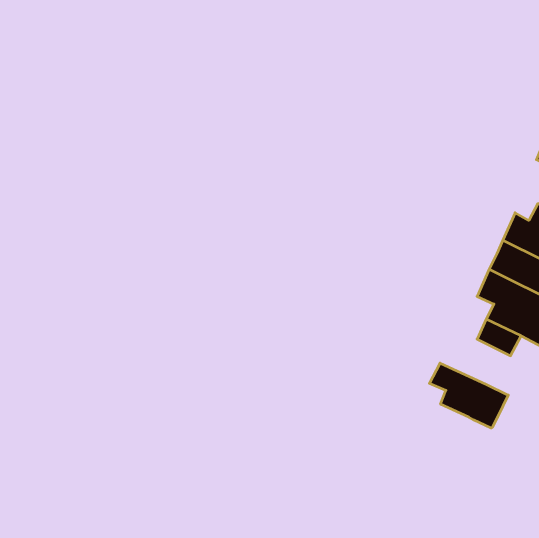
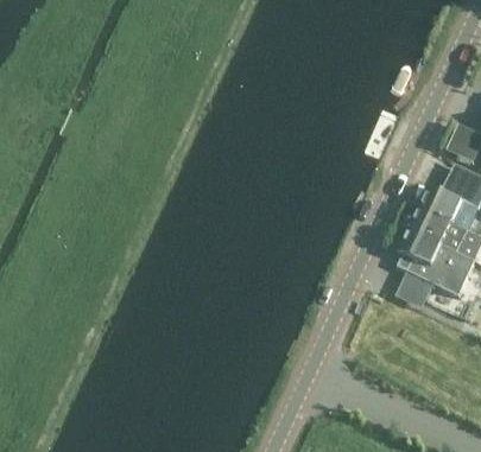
building: [429,363,508,428] -> none

